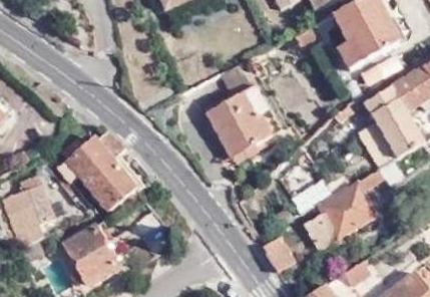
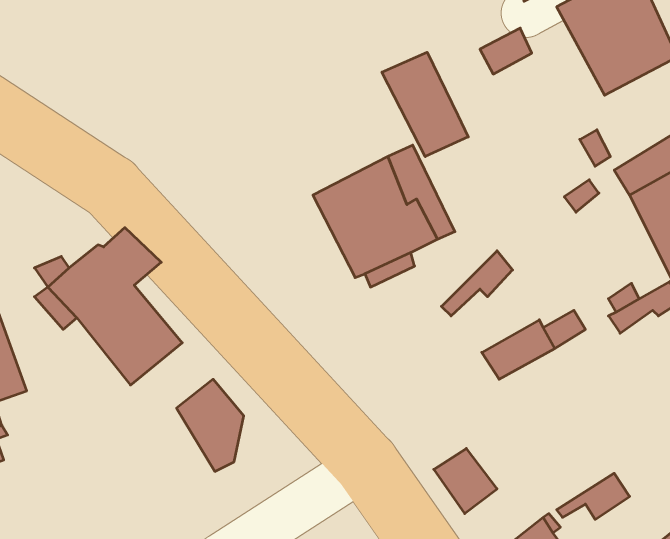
building: none -> [382,52,468,157]
building: [308,182,376,244] -> none
building: [66,229,115,283] -> none

